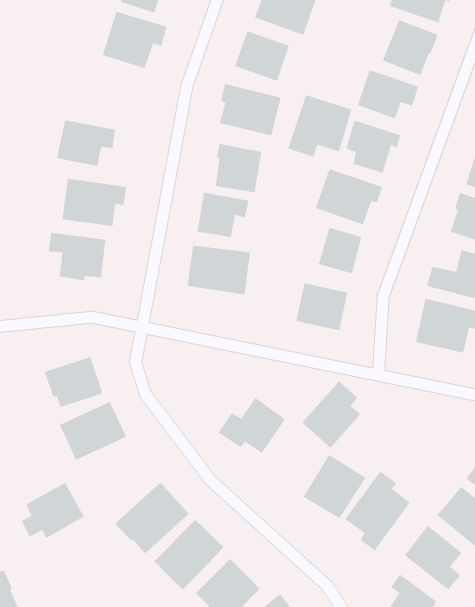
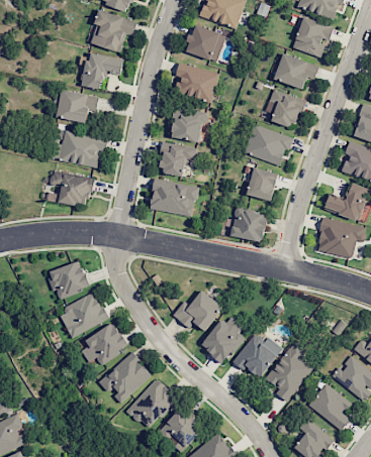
building: none -> [81,52,123,89]
building: [287,94,353,158] -> none
building: [301,381,361,449] -> [201,314,245,363]
building: [21,482,85,539] -> [82,322,128,363]

